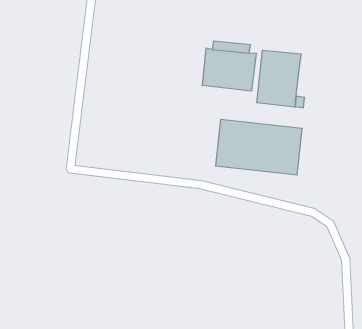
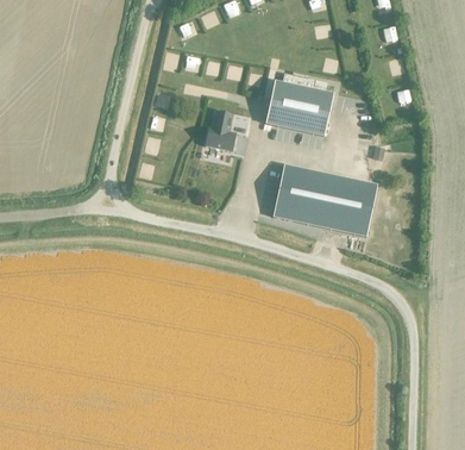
building: [257,50,301,107] -> none
building: none -> [205,111,234,151]

